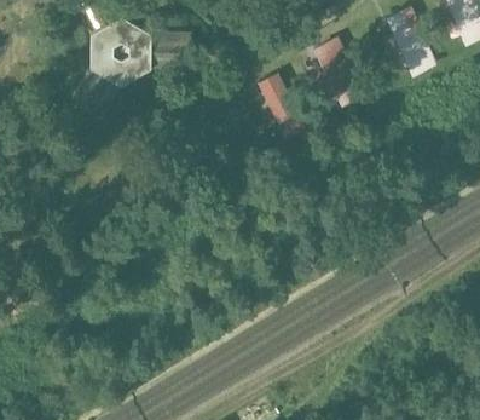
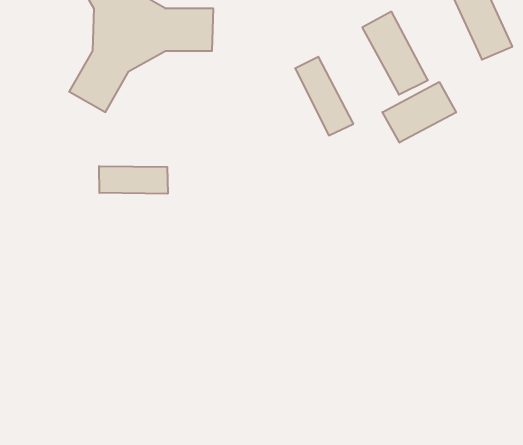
building: none -> [382,82,456,143]
building: none -> [99,166,168,194]

